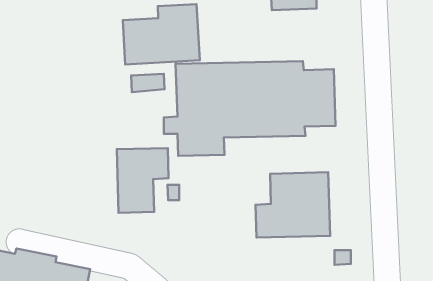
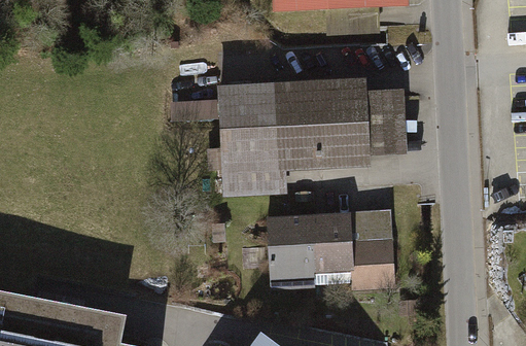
building: [123,4,200,64] -> none
building: [117,148,169,213] -> [267,210,325,283]

